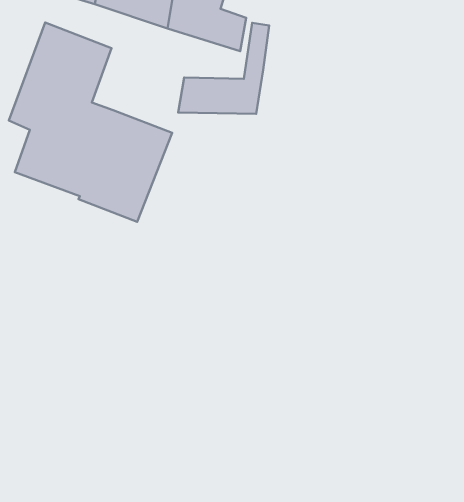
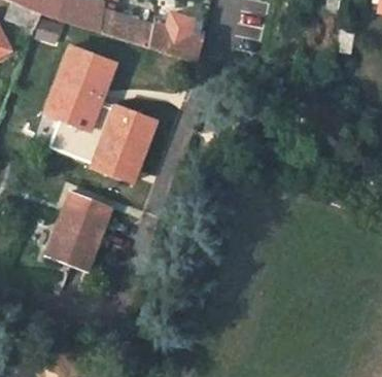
building: [178,23,269,114] -> none
building: none -> [43,190,113,271]

